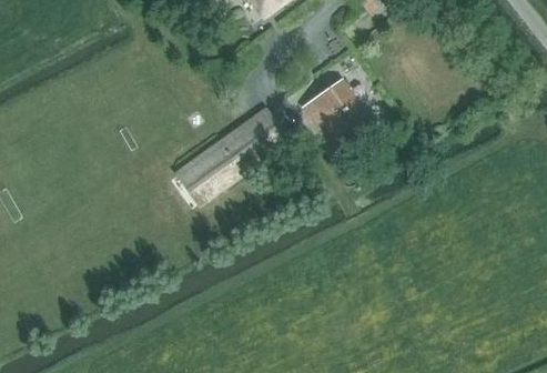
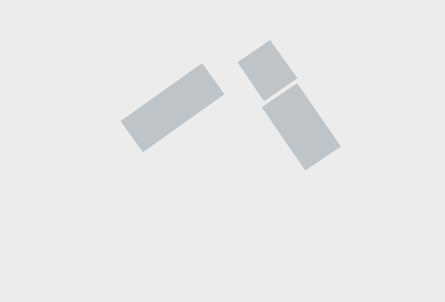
building: none -> [261,82,342,172]

